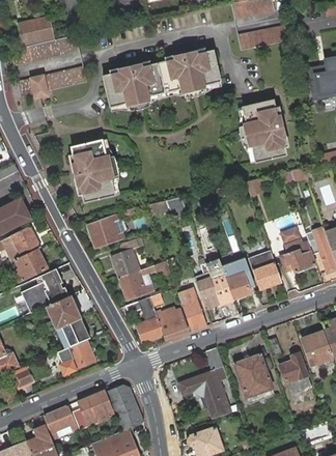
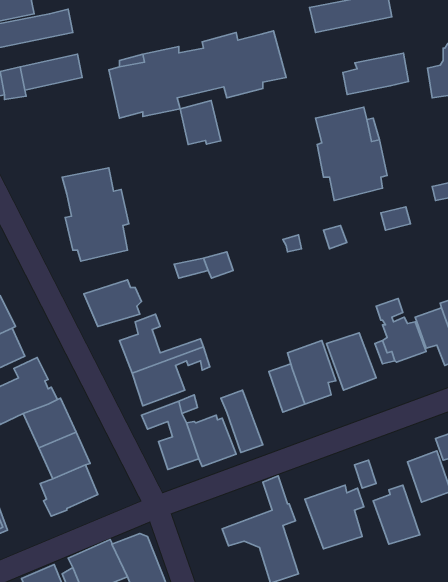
building: none -> [343,53,409,94]
building: none -> [180,100,221,144]
building: [193,263,219,310] -> none

